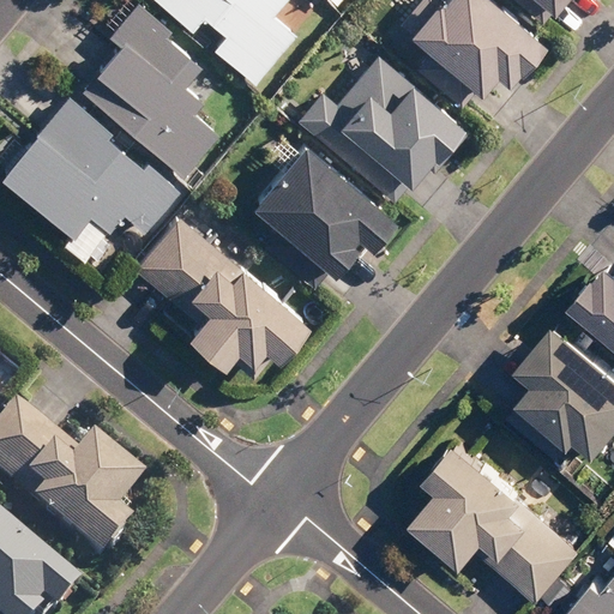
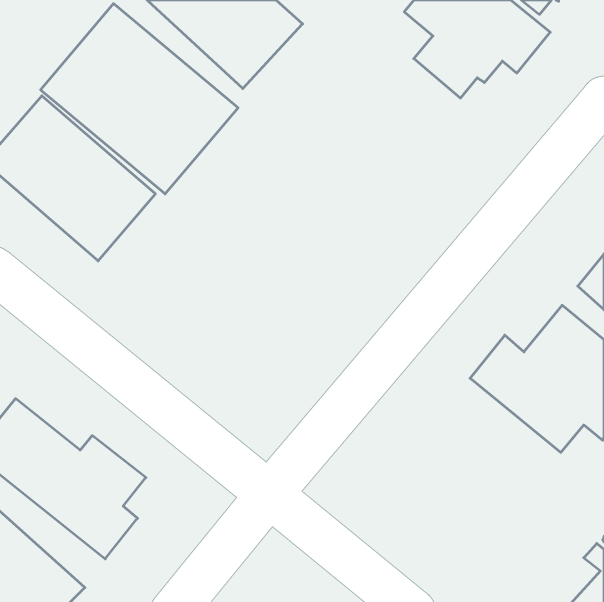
building: [302,58,464,203] -> none
building: [257,140,402,290] -> none
building: [138,218,313,363] -> none
building: [419,434,583,603] -> none

